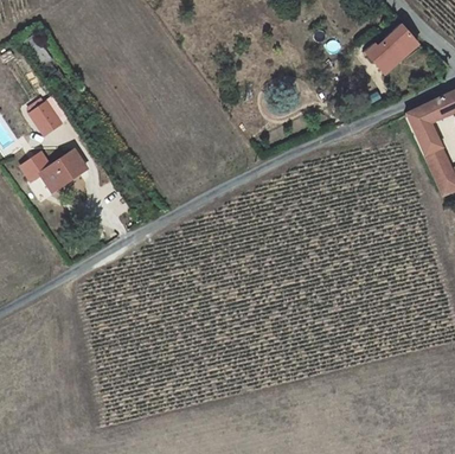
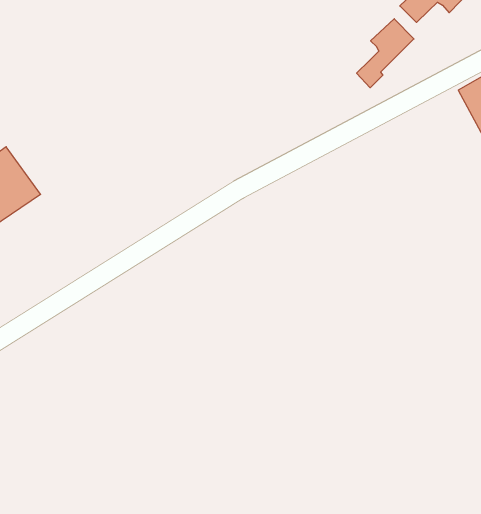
building: none -> [357,19,414,88]

